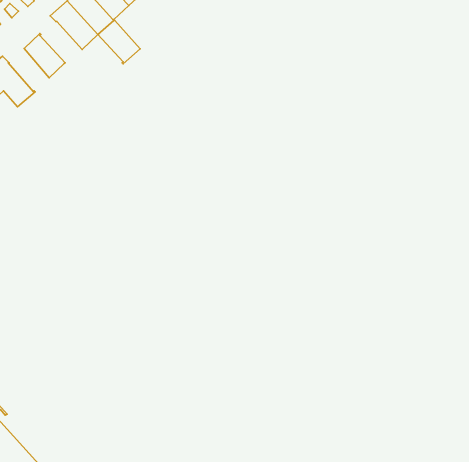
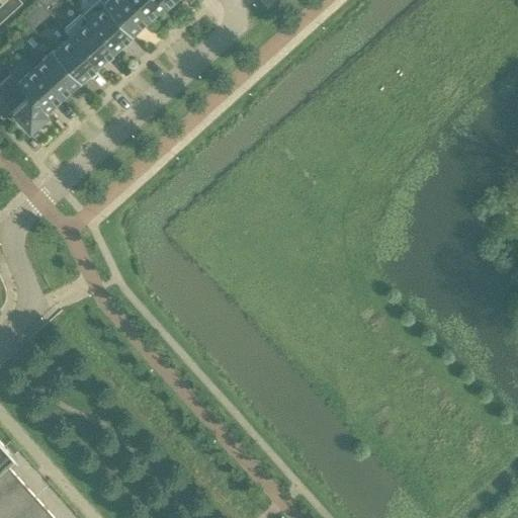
building: [98,21,140,64] -> [51,37,96,84]
building: none -> [16,67,61,113]

